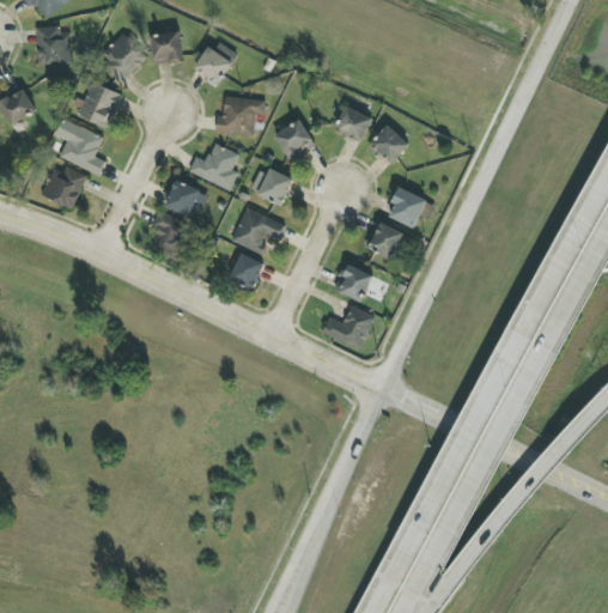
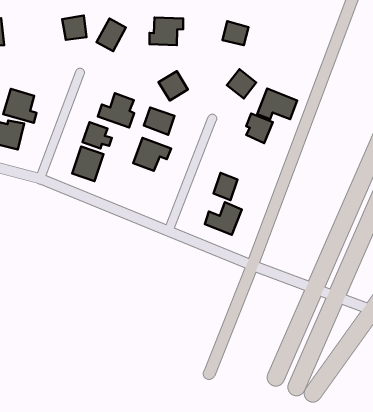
building: [98,31,147,81] -> none
building: [78,80,122,127] -> none
building: [215,95,265,135] -> [150,18,183,45]
building: [335,105,372,140] -> [223,21,249,45]
building: none -> [257,88,297,119]
building: [367,221,405,259] -> none
building: [230,253,265,289] -> none

